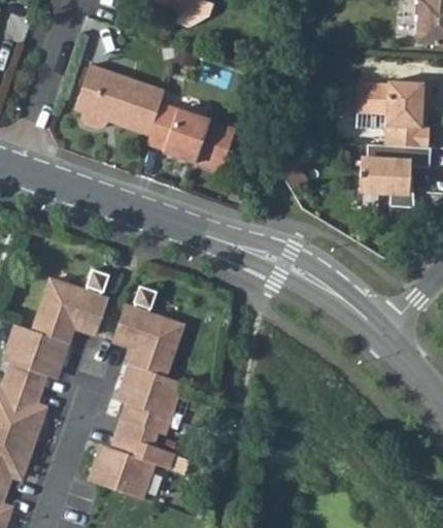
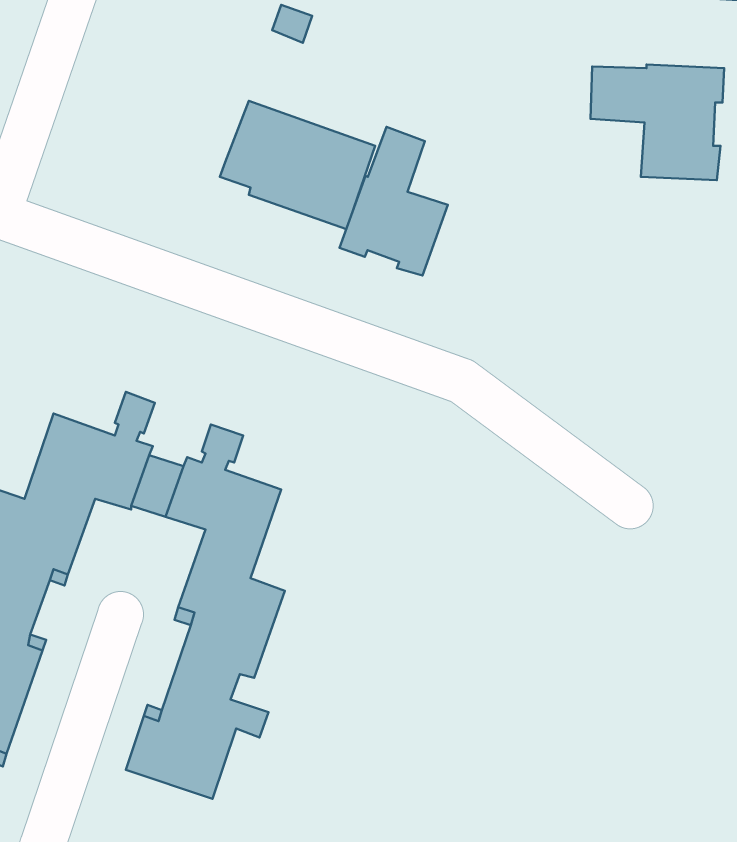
building: [71,63,163,136] -> none
building: none -> [340,127,448,275]
building: [361,143,431,207] -> none

